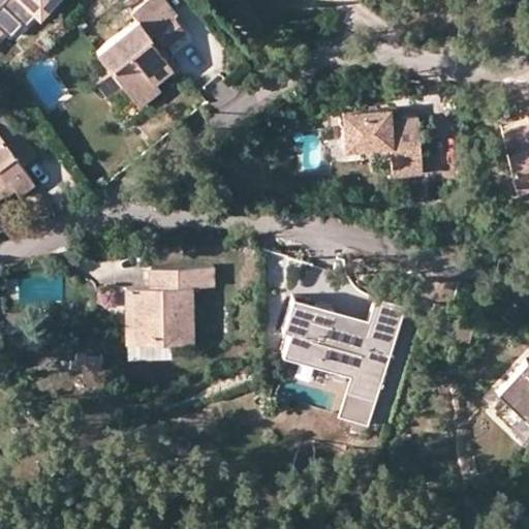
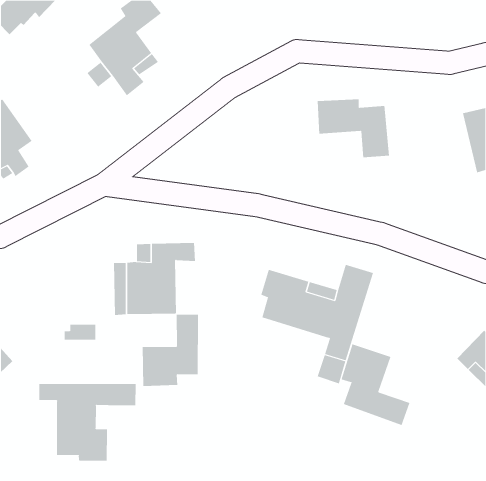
building: none -> [142,314,199,387]
building: none -> [341,343,410,426]
building: none -> [39,383,136,462]

